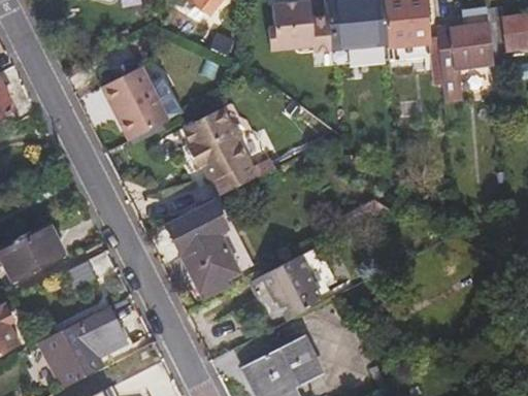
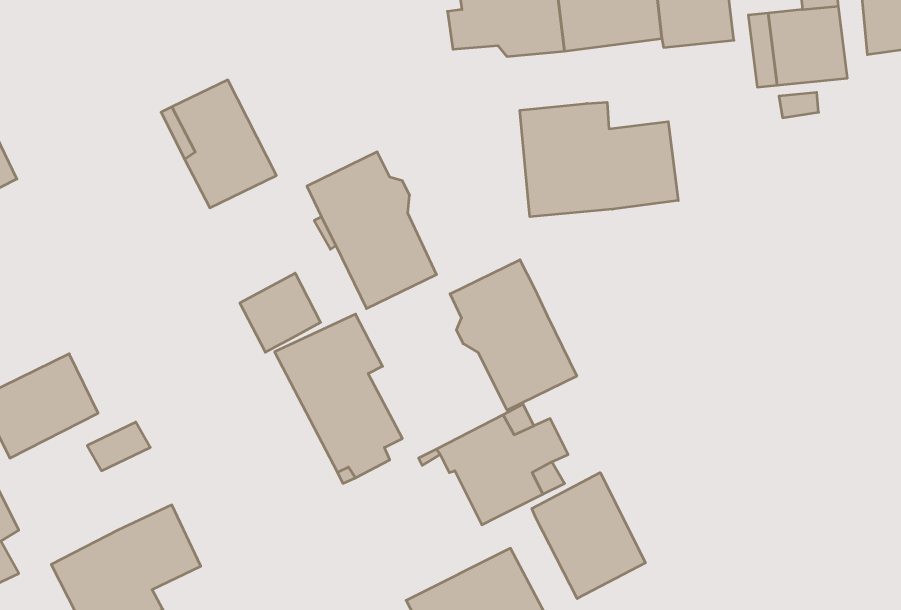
building: none -> [520,102,678,217]
building: none -> [450,260,577,410]
building: none -> [240,273,321,352]
building: none -> [532,473,645,599]

